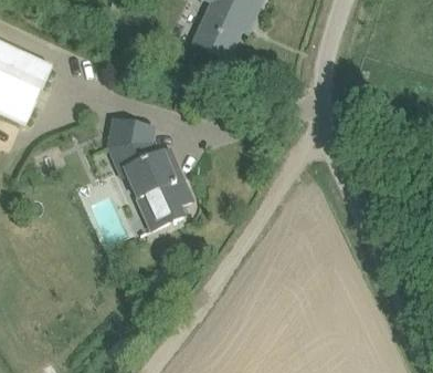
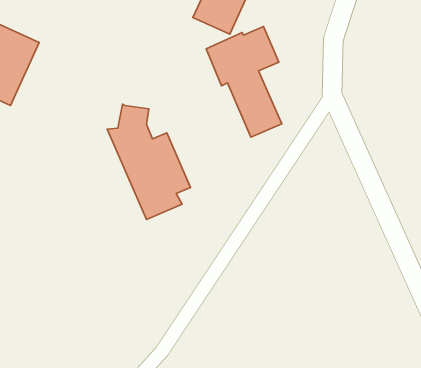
building: none -> [206,27,282,137]

